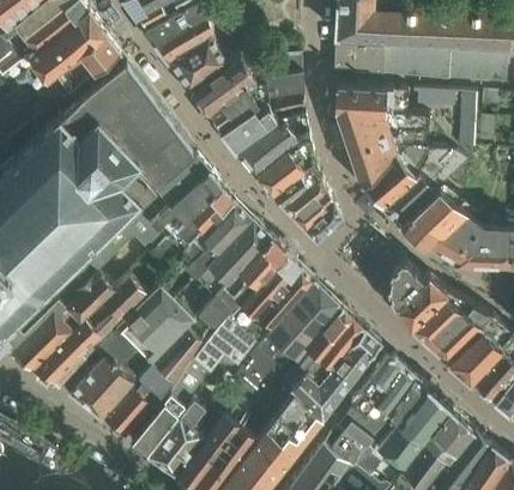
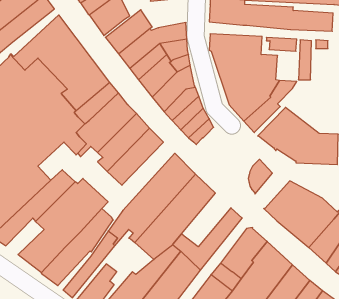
building: [185,237,285,341] -> none
building: [397,274,445,329] -> none
building: [295,308,363,382] -> none

